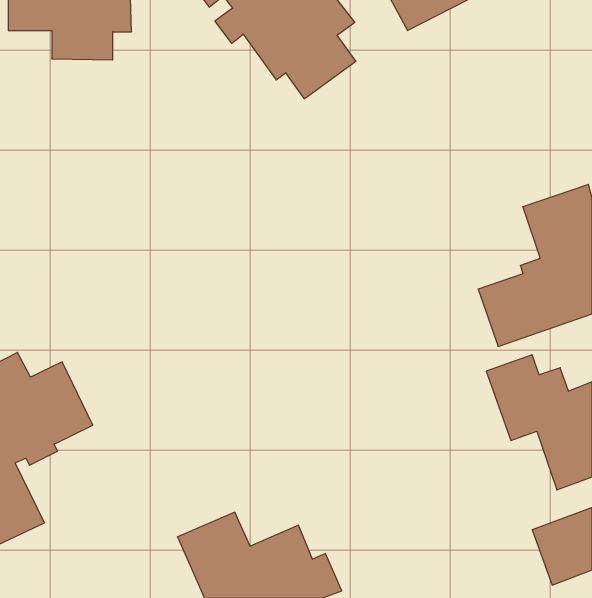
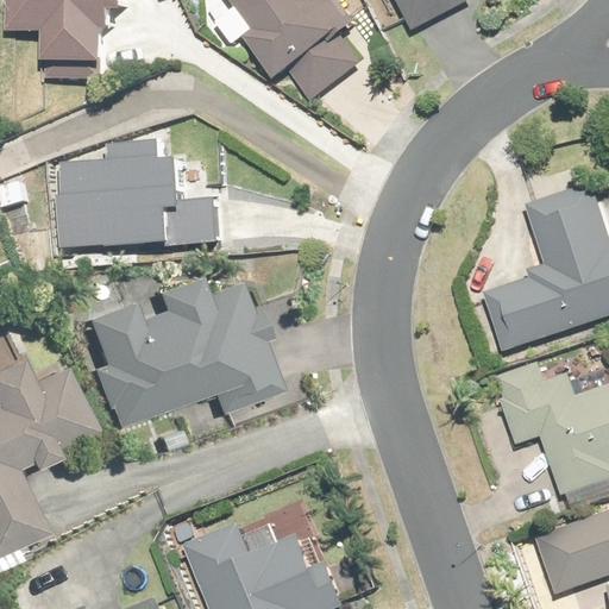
building: none -> [59,143,224,246]
building: none -> [81,276,280,425]

